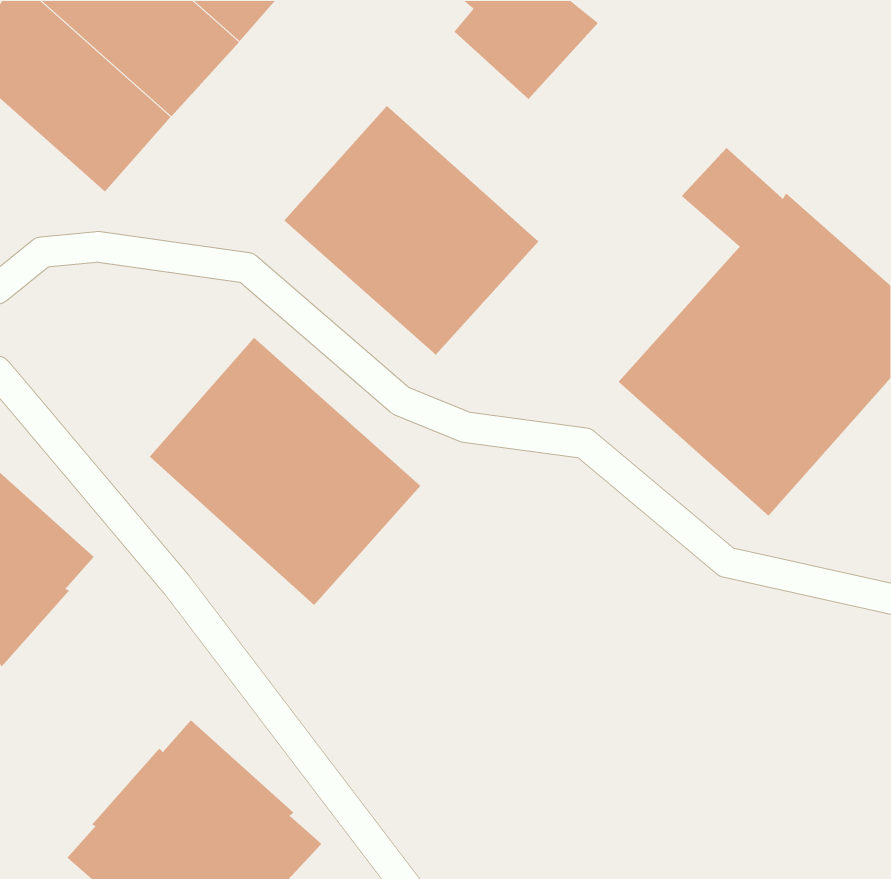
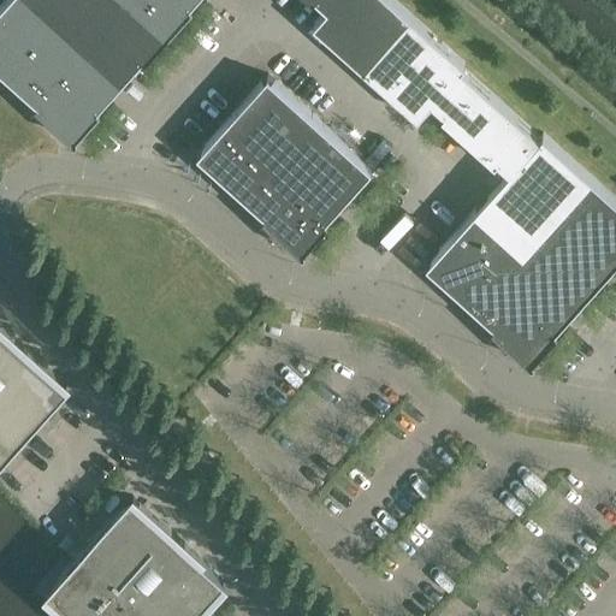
building: none -> [363,26,499,146]
building: [149,337,421,606] -> none

